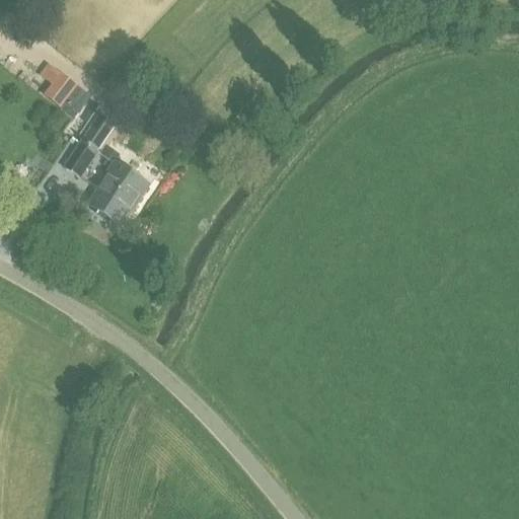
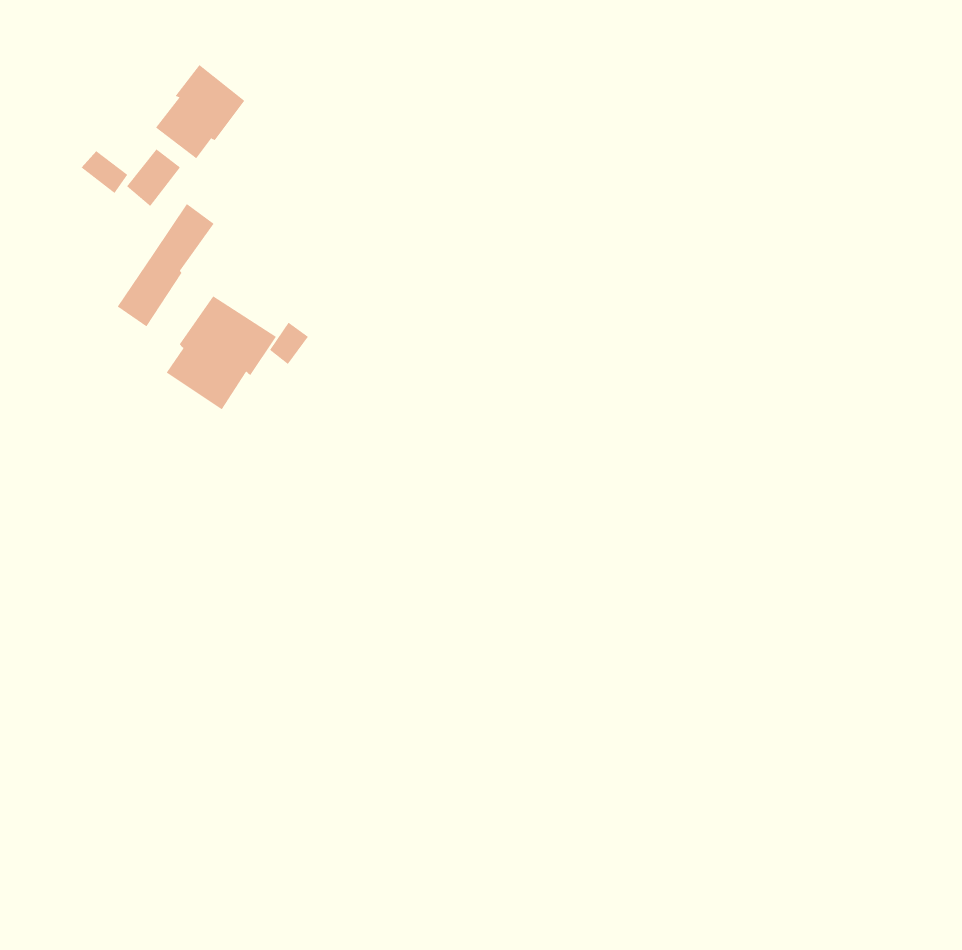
building: none -> [155,64,245,159]

